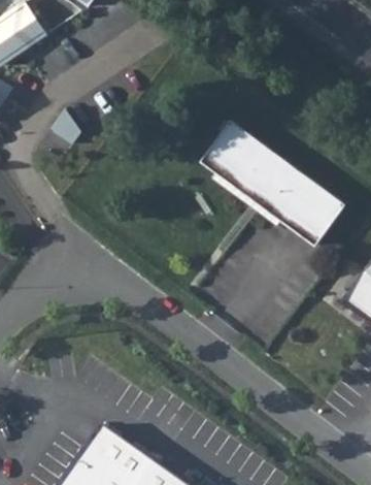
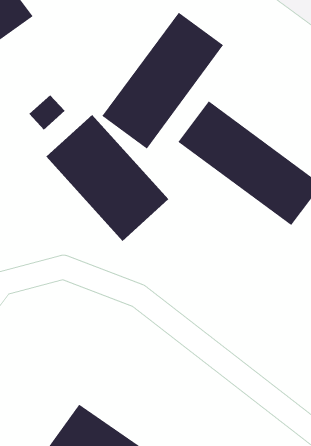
building: none -> [101,12,224,149]
building: none -> [45,114,169,242]

